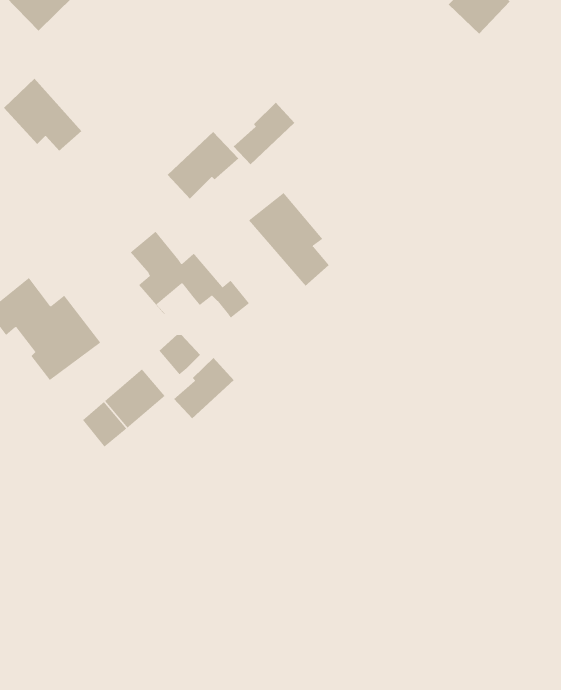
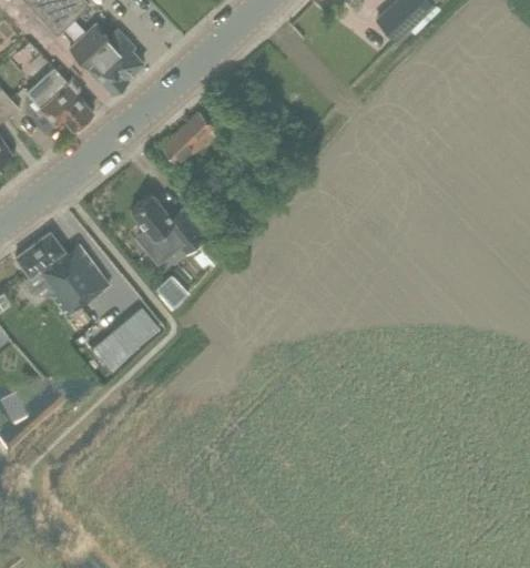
building: none -> [71,26,143,93]
building: [233,102,295,165] -> none
building: [248,192,330,286] -> none
building: [173,357,235,419] -> none

